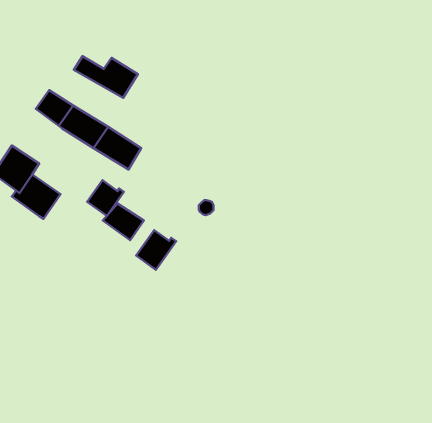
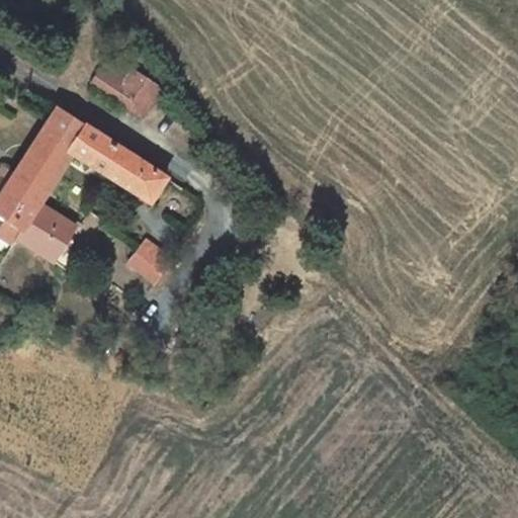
building: none -> [14,130,74,194]
building: [87,180,124,216] -> none
building: [136,230,176,270] -> none

